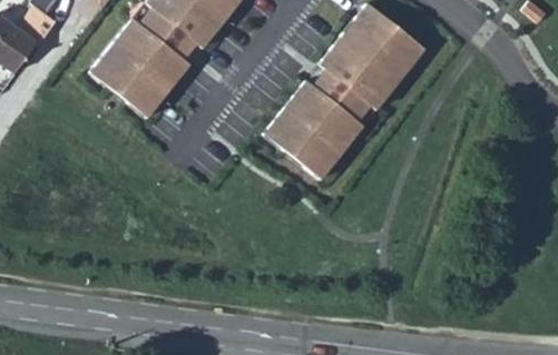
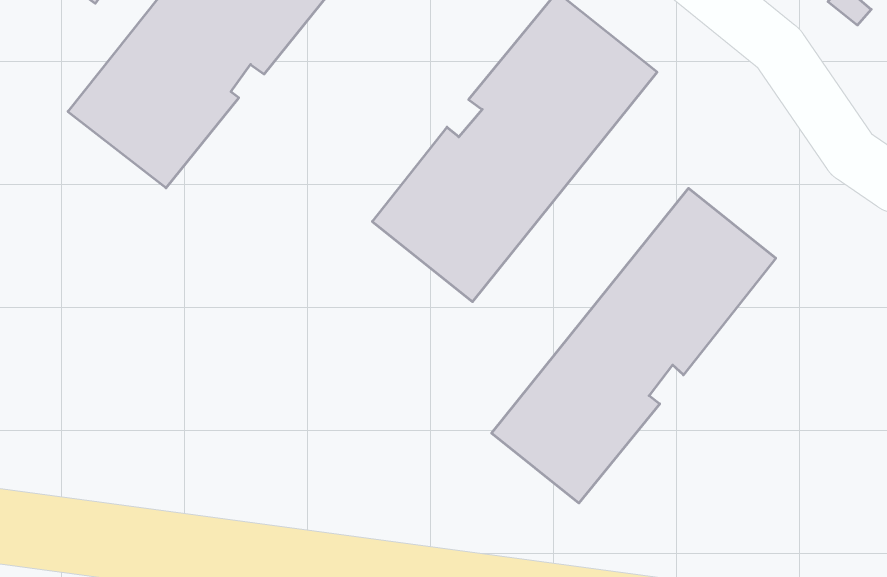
building: none -> [492,188,776,503]

